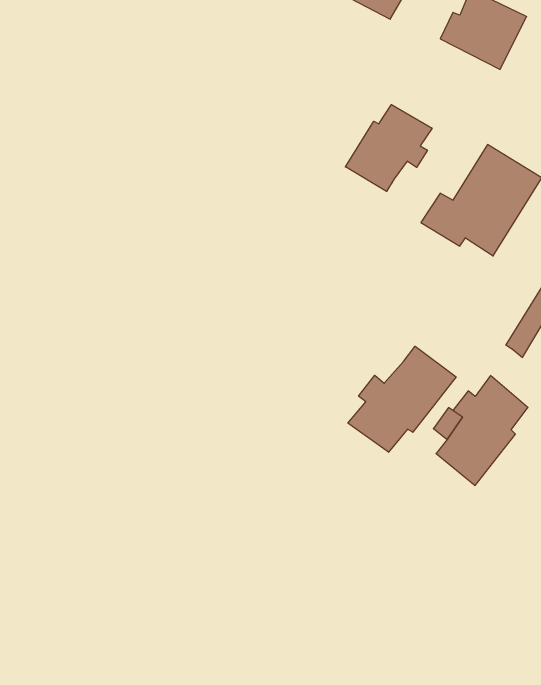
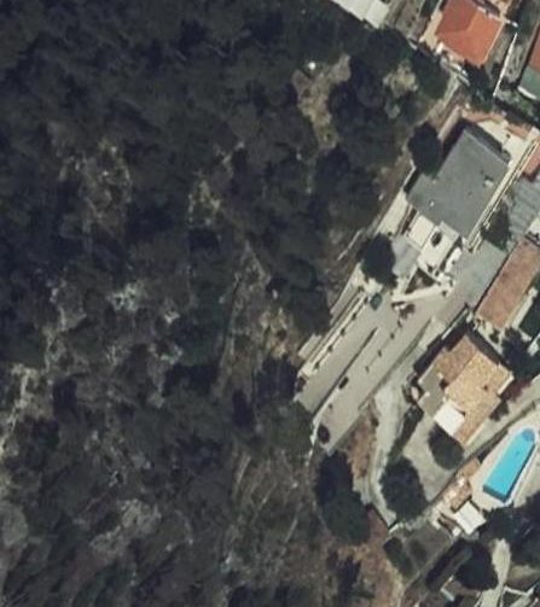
building: [345,105,432,191] -> none
building: [348,346,456,452] -> none

